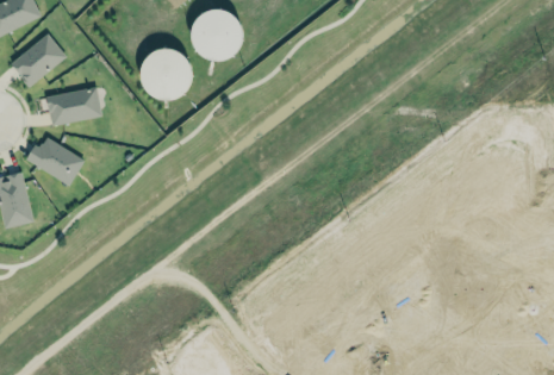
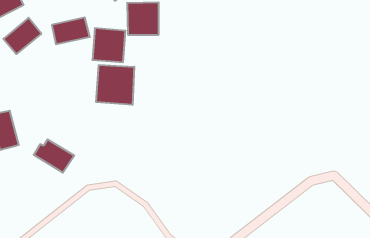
building: [43,86,99,125] -> [52,18,90,44]
building: none -> [96,65,134,105]
building: [25,137,85,186] -> [34,139,74,173]

